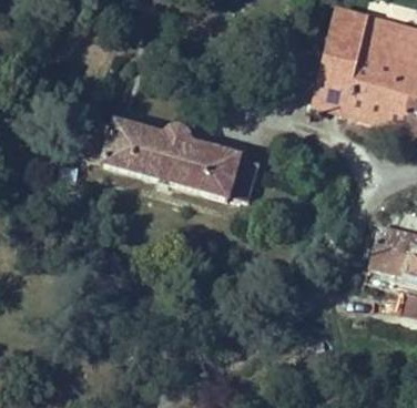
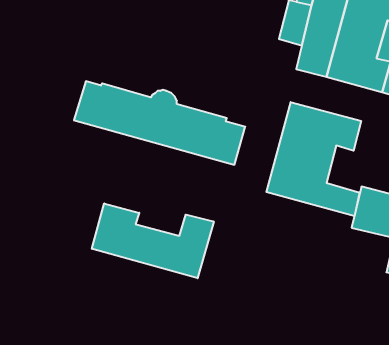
building: none -> [266,102,361,216]
building: none -> [92,203,214,278]

